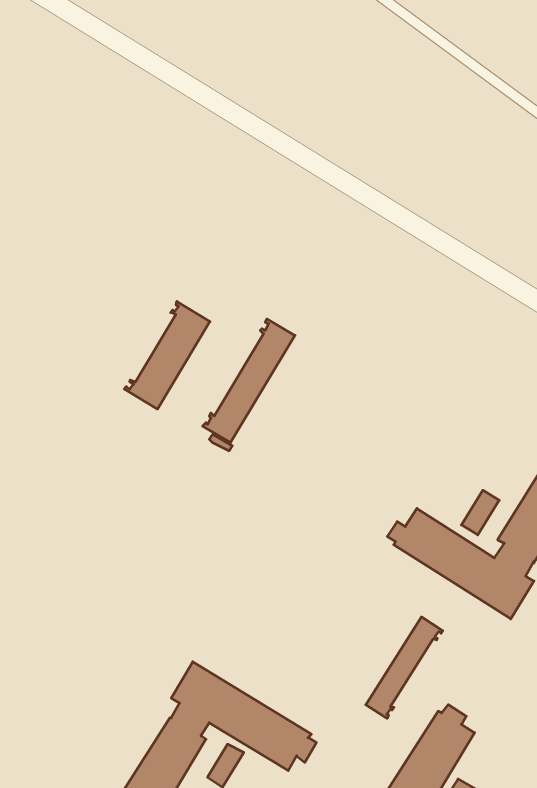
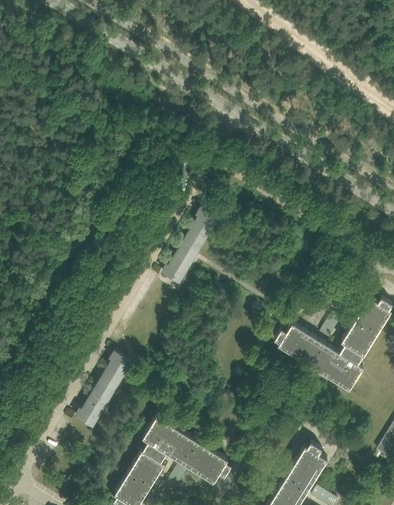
building: [124,301,210,409] -> none
building: none -> [76,353,131,427]
building: [366,617,443,718] -> none

